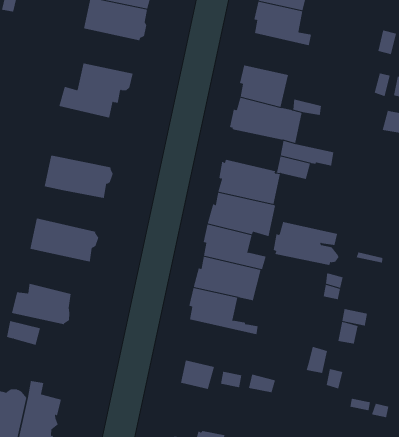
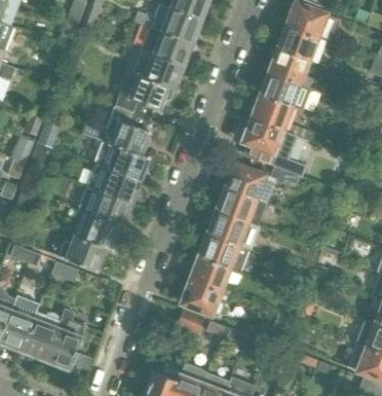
building: none -> [132,50,183,89]
building: none -> [258,72,311,111]
building: none -> [83,106,152,157]
building: none -> [86,165,140,205]
building: [273,221,350,266] -> [180,280,239,318]
building: none -> [74,212,122,251]

